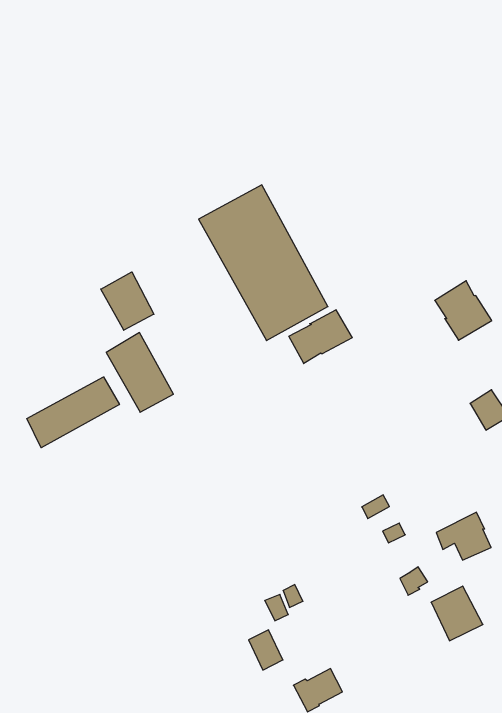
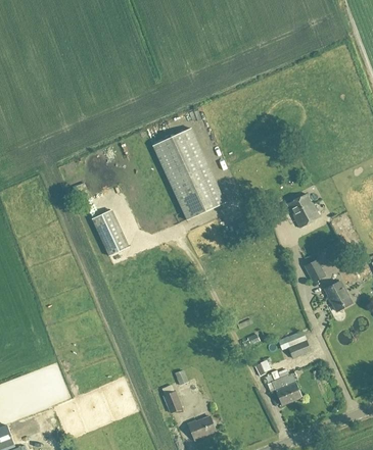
building: [101,272,154,330] -> none
building: [289,310,352,364] -> none
building: [27,377,119,448] -> none

